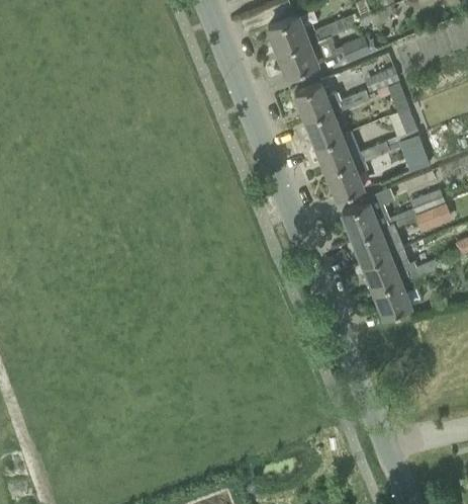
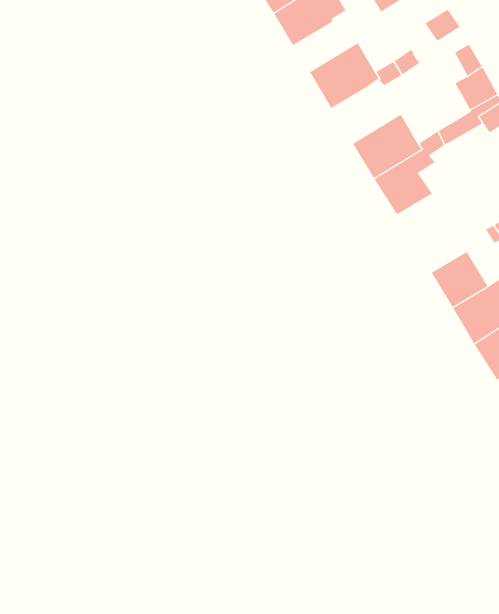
building: [304,110,340,146] -> none
building: [342,191,388,239] -> none

